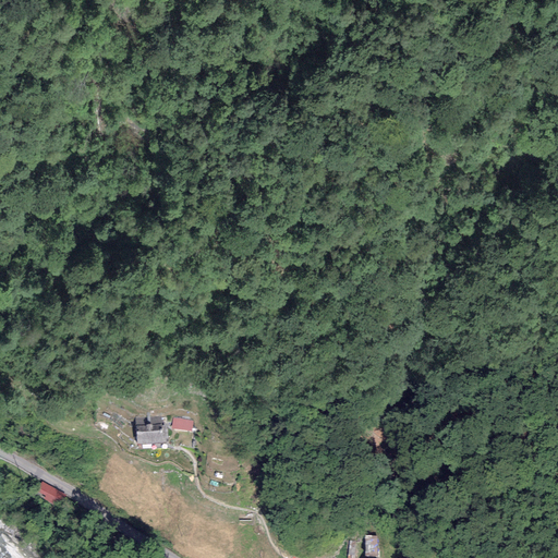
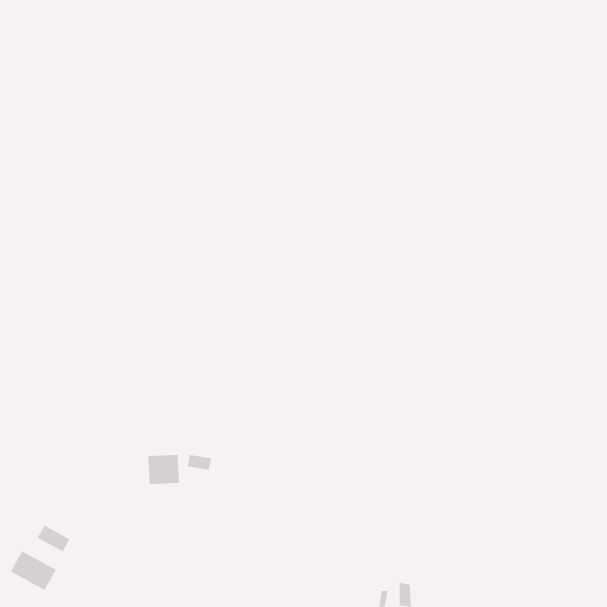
building: none -> [10,551,57,591]

